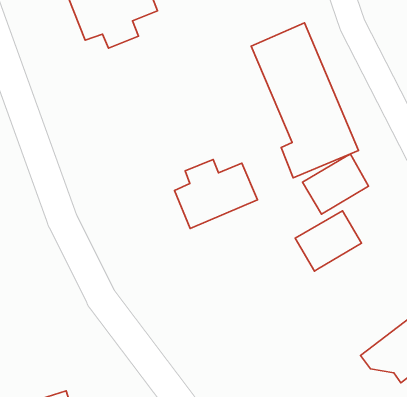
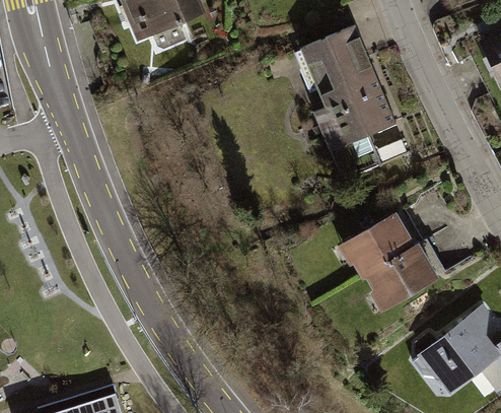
building: [302,154,369,214] -> [368,245,435,305]
building: [174,160,257,228] -> none

